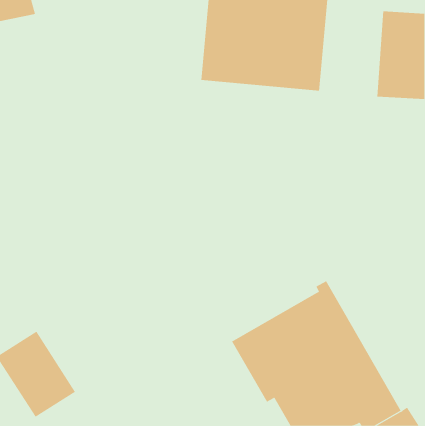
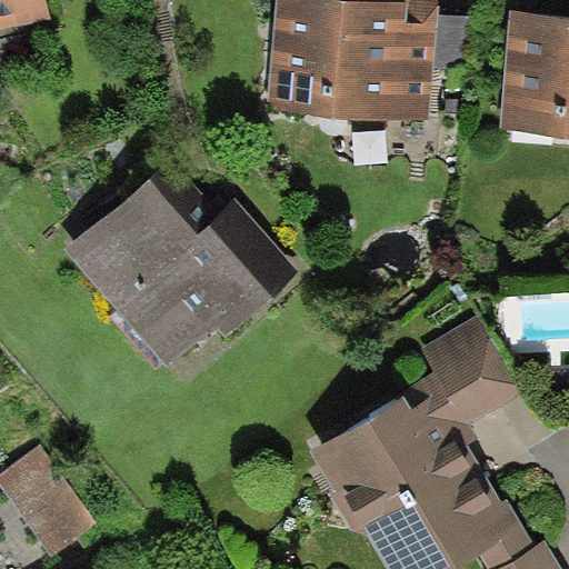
building: none -> [64,177,299,369]
building: none -> [420,316,521,426]

